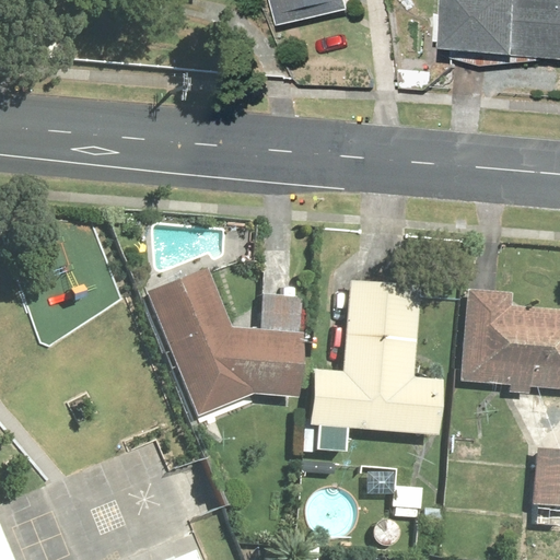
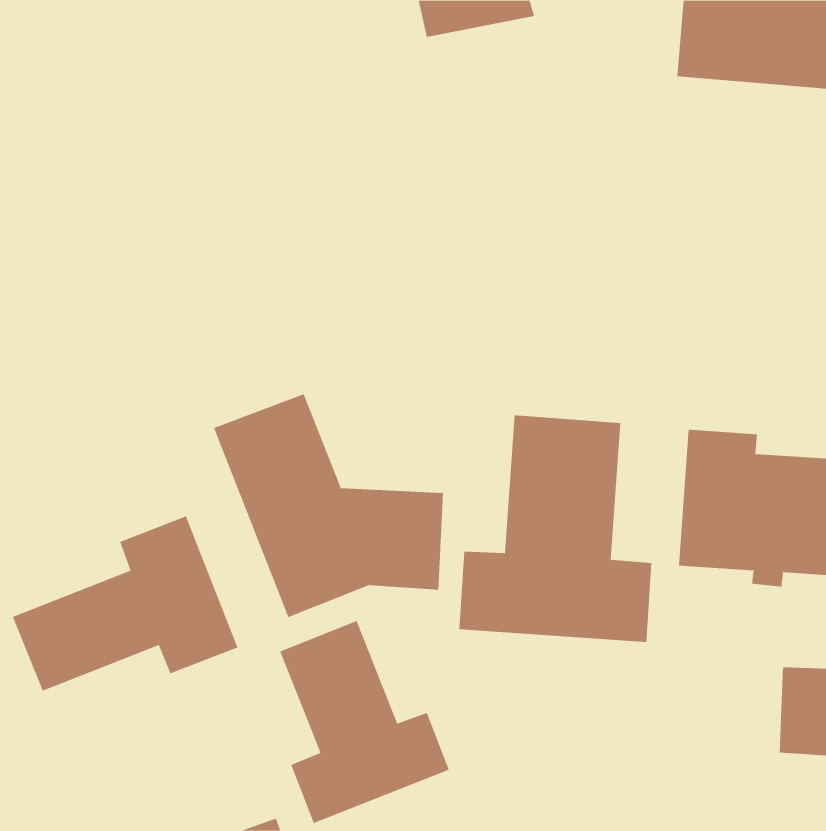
building: none -> [12,516,238,692]
building: none -> [280,620,450,824]

